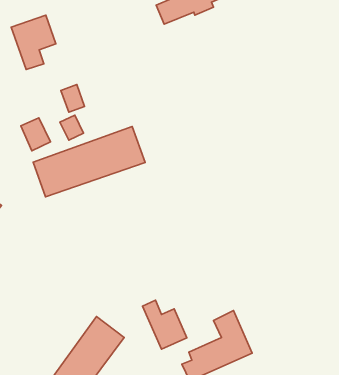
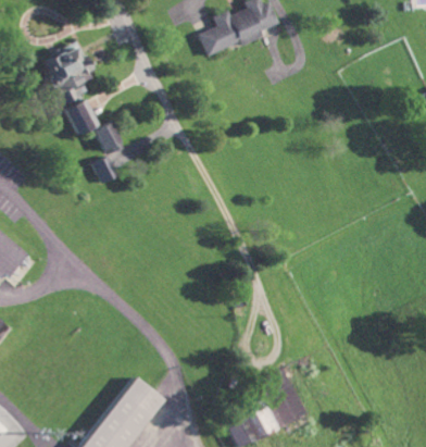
building: [21,118,51,151] -> [65,98,98,134]
building: [33,126,145,197] -> none
building: [142,300,187,349] -> none

